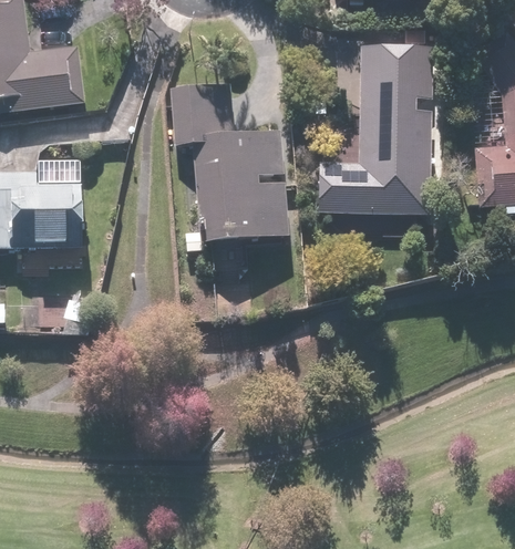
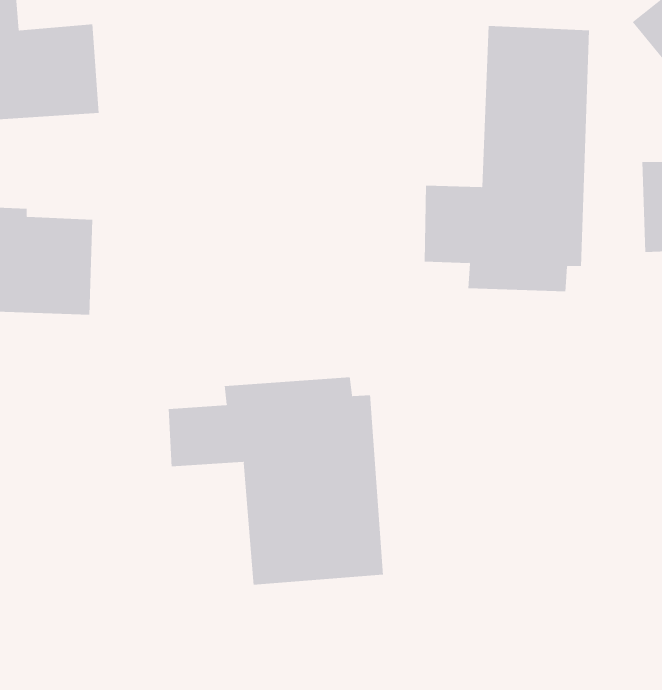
building: [168,80,291,269] -> none
building: none -> [168,376,384,585]

